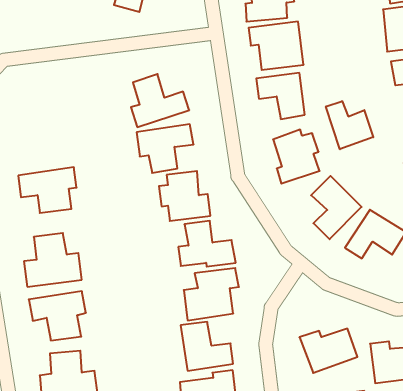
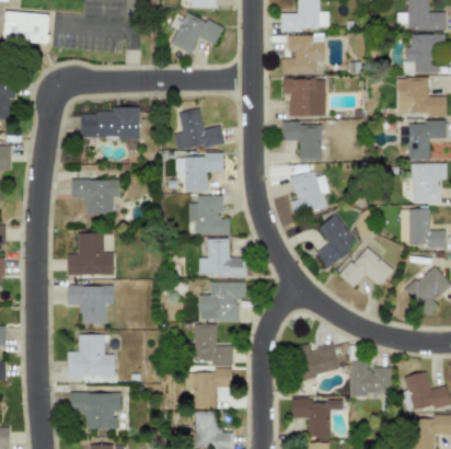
building: none -> [80,110,139,138]
building: [326,101,373,149] -> none

